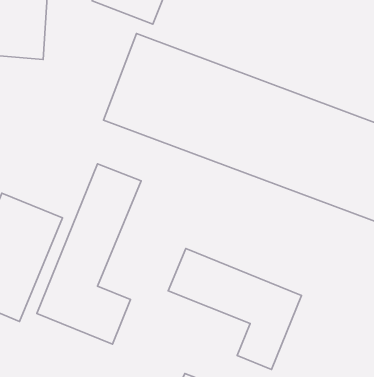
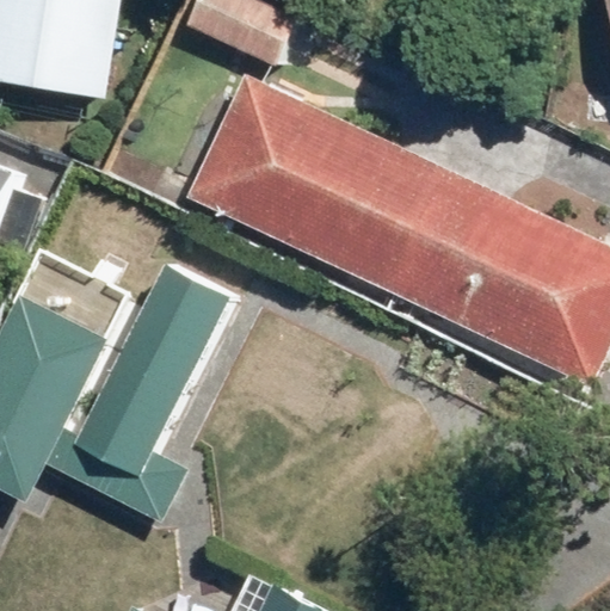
building: [168,249,302,370] -> none

